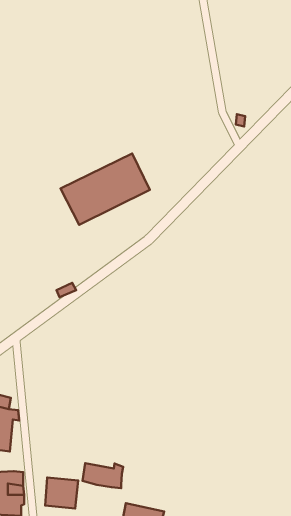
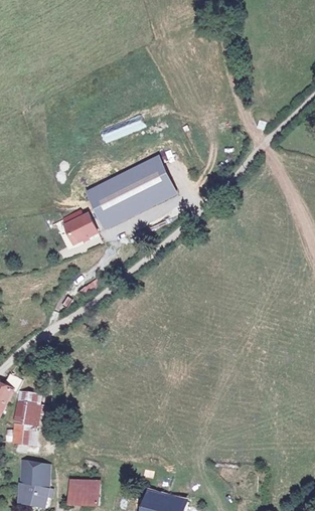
building: none -> [63,213,95,243]
building: [82,463,123,488] -> none

